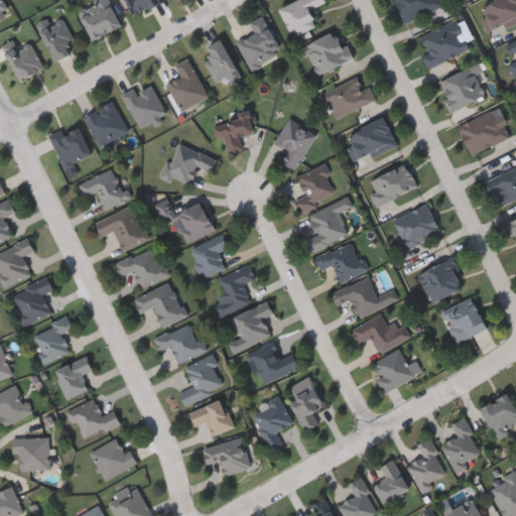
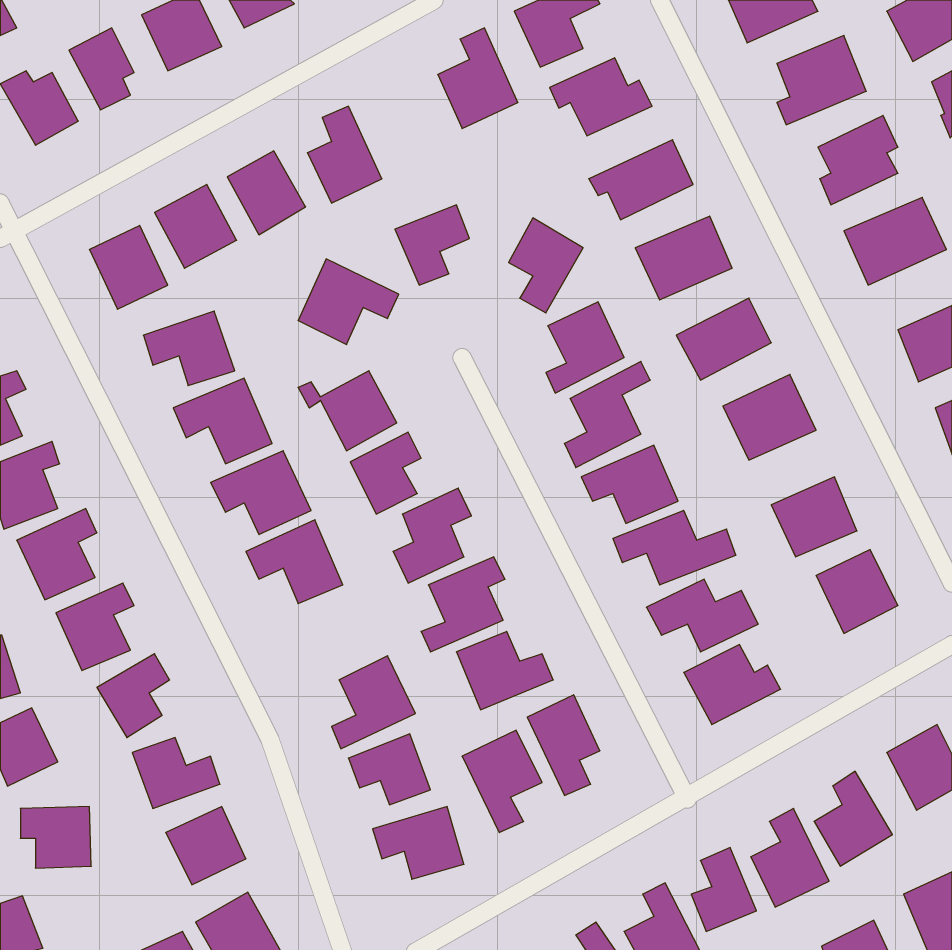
building: [203,39,241,85] -> none
building: [152,319,206,365] -> none

